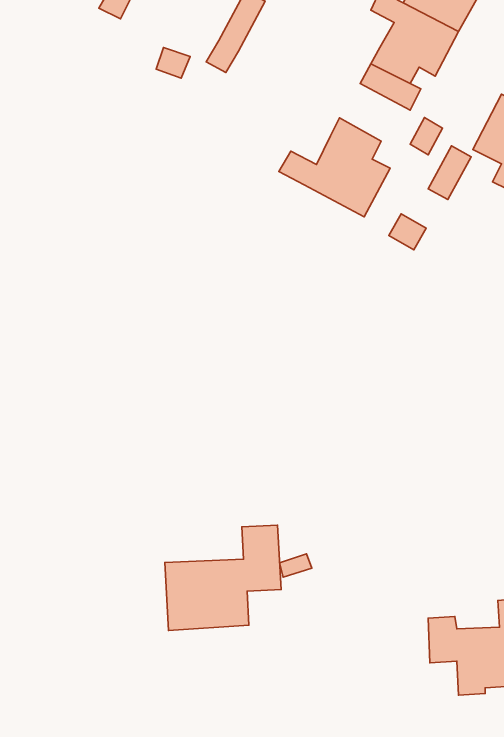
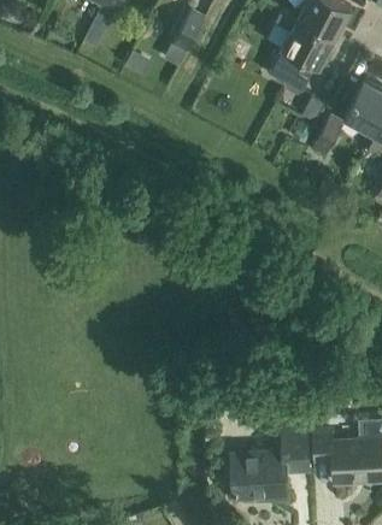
building: [279,118,390,217] -> none
building: [165,525,281,631] -> [230,429,308,500]

